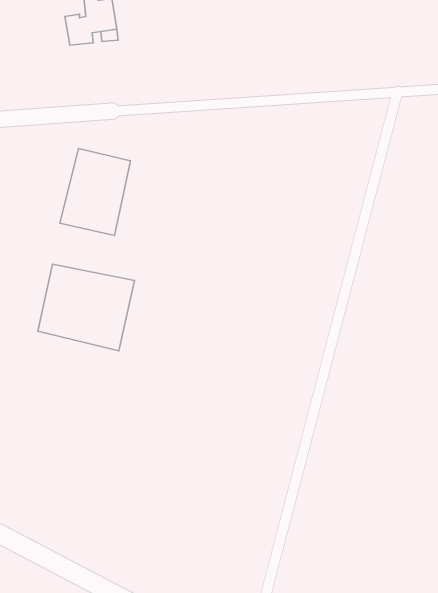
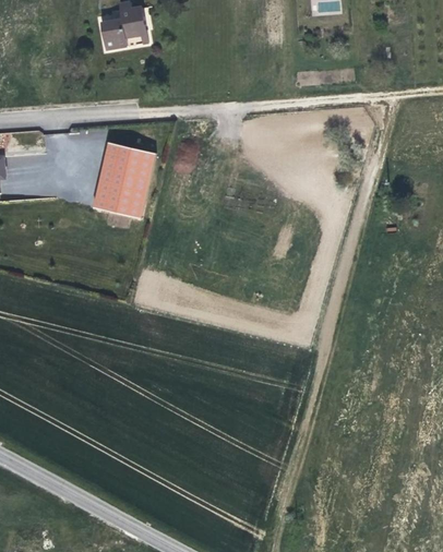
building: [38,264,135,351] -> none

